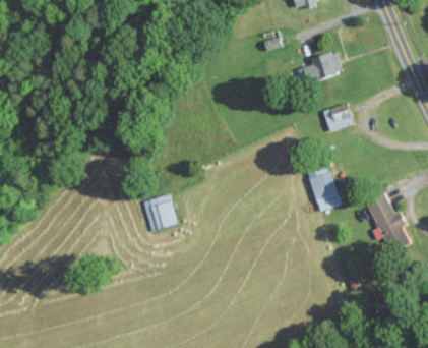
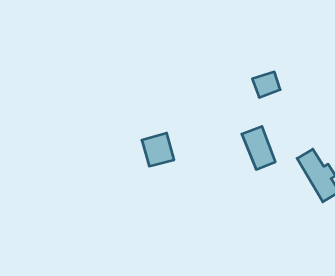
building: [301,51,341,83] -> none
building: [142,194,177,230] -> [142,133,174,166]

